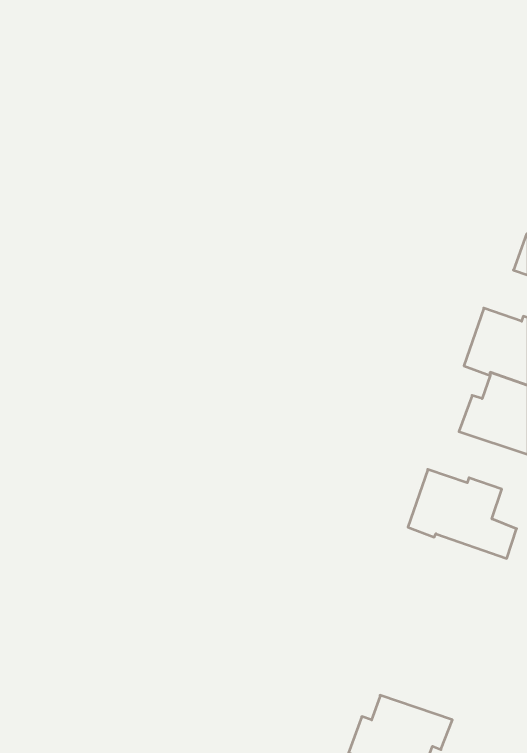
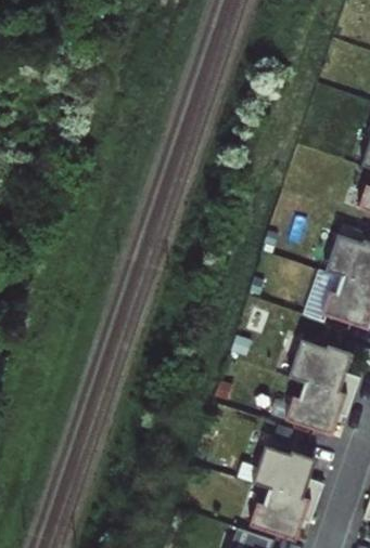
building: none -> [285,381,353,435]
building: none -> [252,445,323,504]

